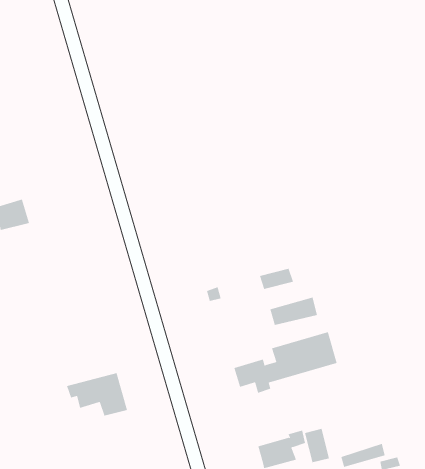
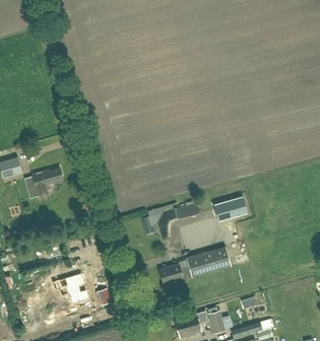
building: none -> [31,167,64,196]
building: none -> [212,195,247,220]

